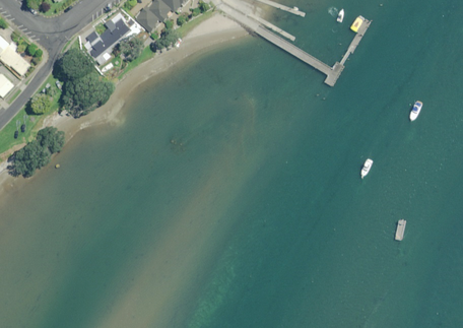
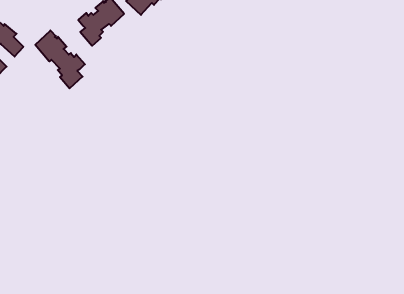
building: none -> [35,30,85,88]

